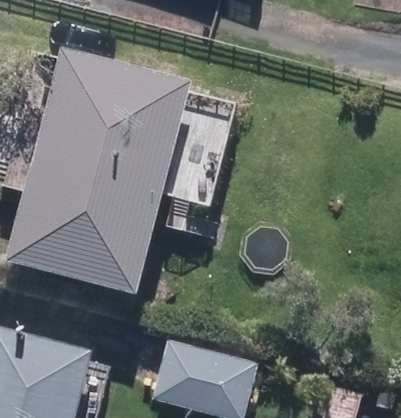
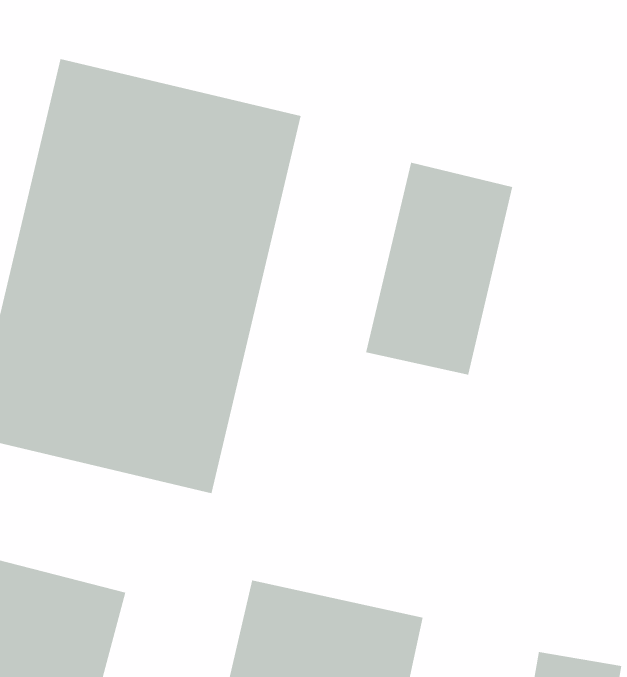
building: none -> [365,162,513,376]

